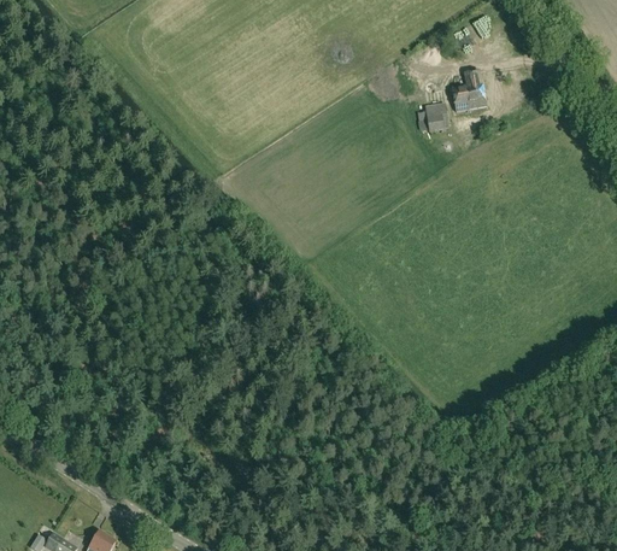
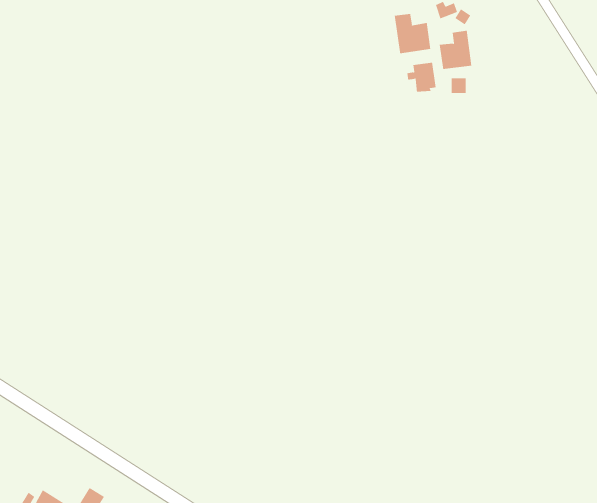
building: none -> [394,13,431,54]

